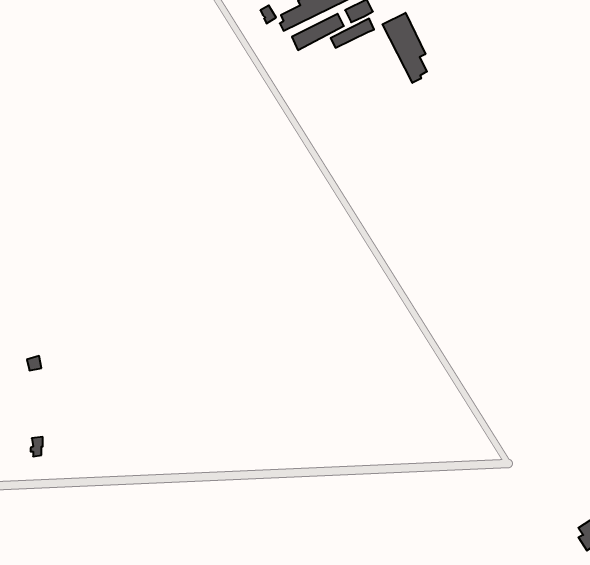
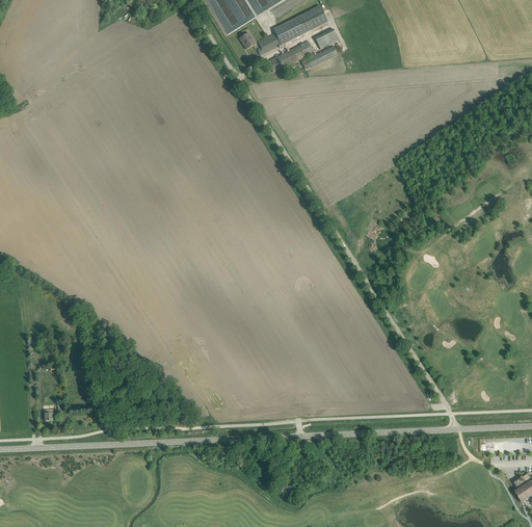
building: [382,13,427,83] -> none

